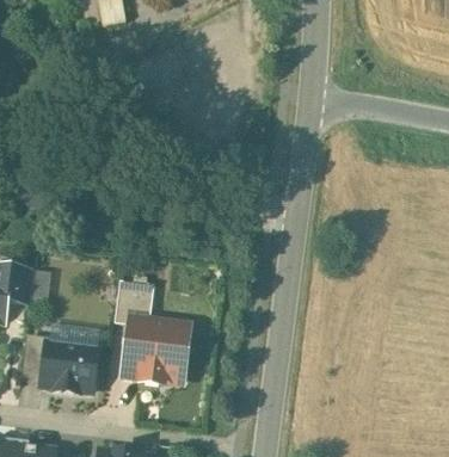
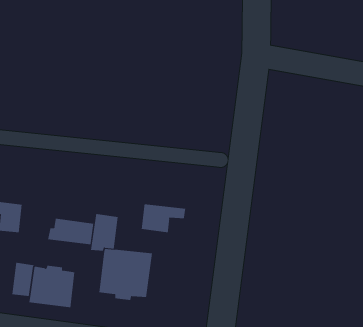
building: none -> [141,204,186,233]
building: none -> [48,218,94,245]

